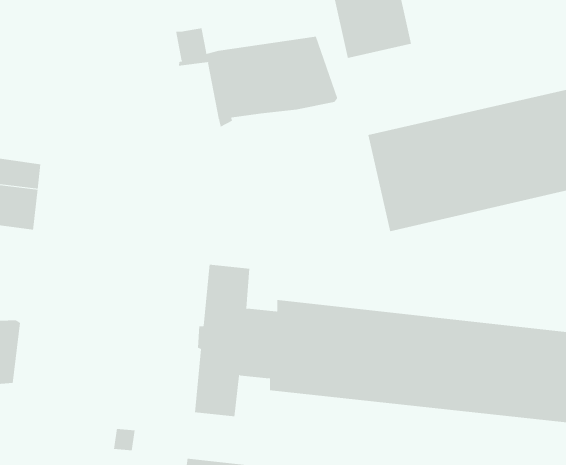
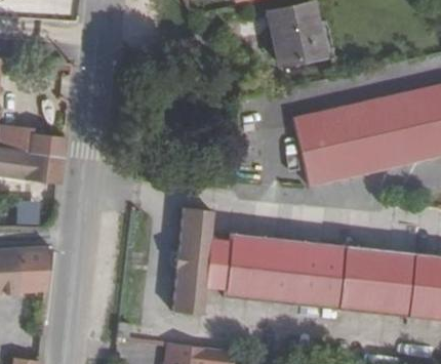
building: [175,28,338,127] -> none

